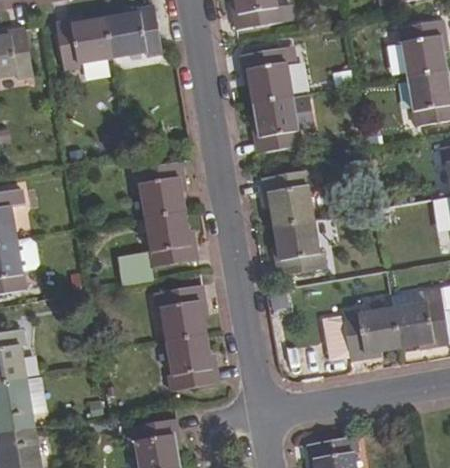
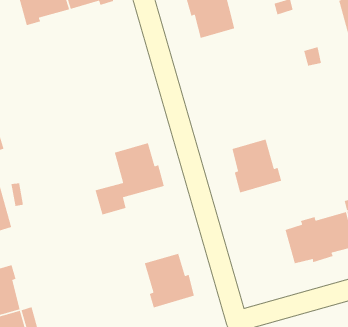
building: [252,96,300,152] -> none
building: [132,161,184,217] -> none
building: [261,169,313,226] -> none
building: [154,284,206,341] -> none

